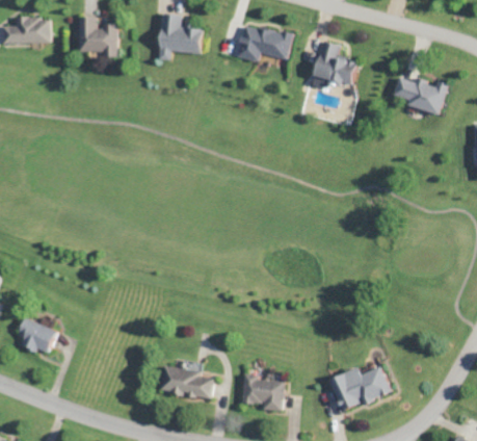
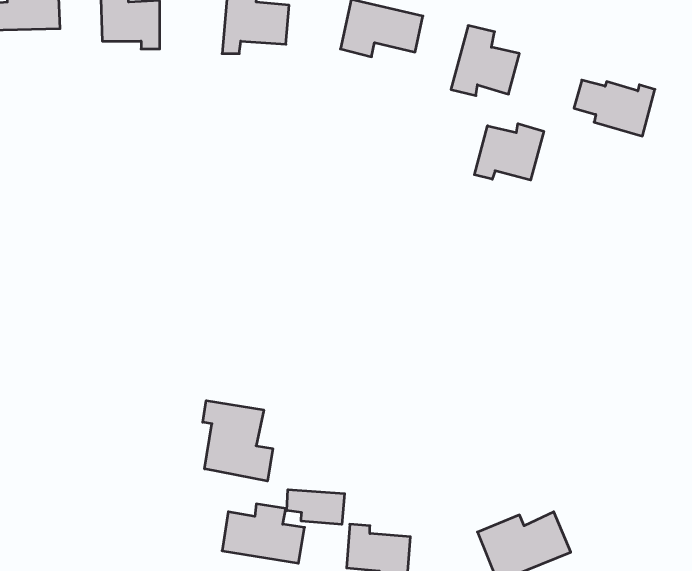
building: none -> [474,124,544,180]
building: none -> [203,401,273,481]
building: [18,317,56,354] -> none
building: none -> [287,490,345,524]

